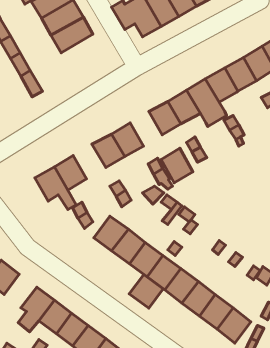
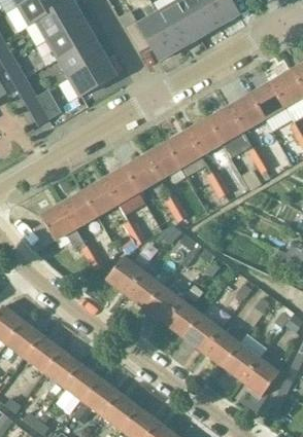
building: none -> [69,57,115,97]
building: none -> [82,178,119,216]
building: [161,148,193,183] -> [145,142,180,180]
building: none -> [6,321,42,358]
building: [129,274,163,308] -> none

